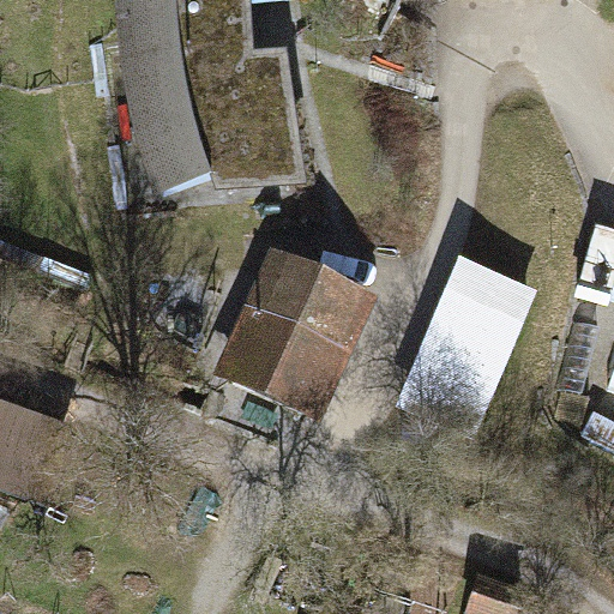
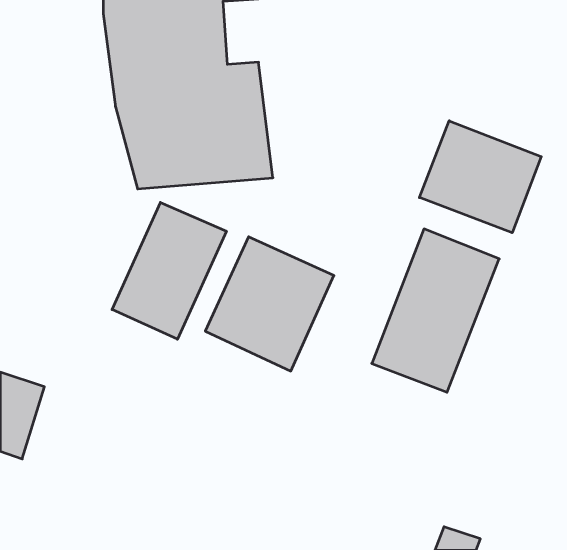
building: none -> [419,121,541,233]
building: none -> [112,202,226,339]

